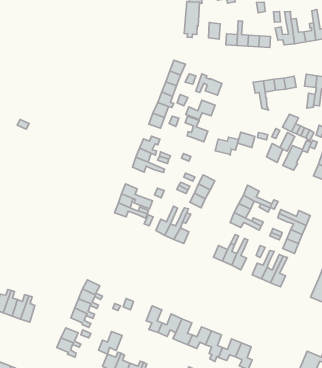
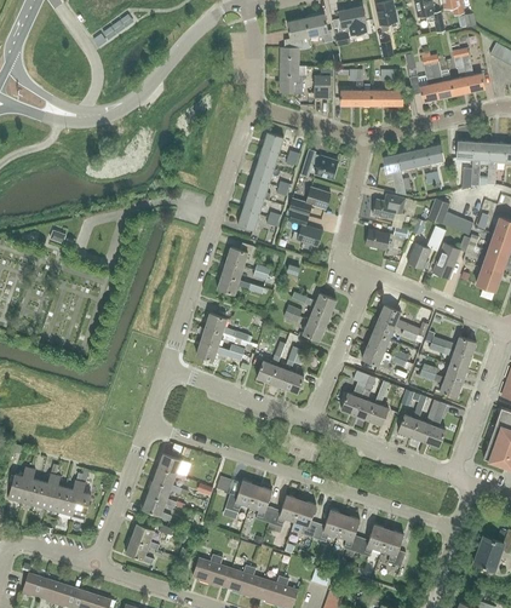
building: [215,137,239,155] -> [373,195,406,220]
building: [98,331,122,354] -> [225,480,258,512]

